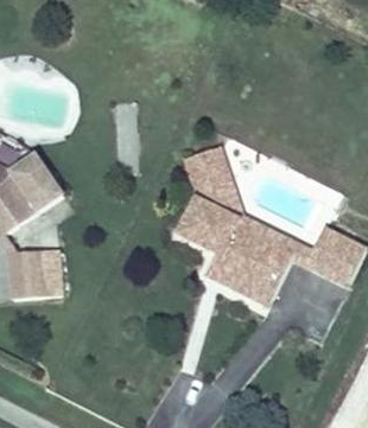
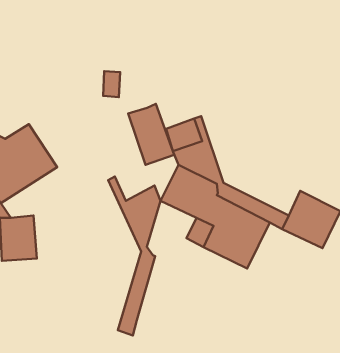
building: none -> [128,104,174,165]
building: none -> [108,176,161,335]

